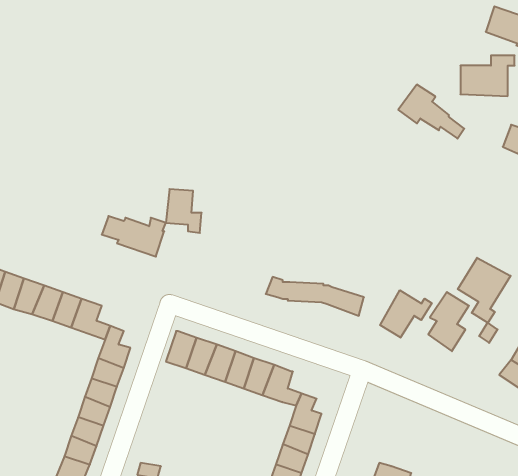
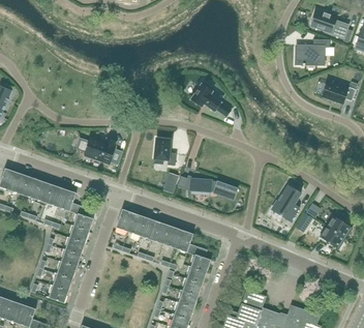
building: [398,85,464,139] -> [189,83,230,116]
building: [166,189,202,233] -> [154,138,176,165]
building: [458,258,511,323] -> none
building: [380,290,432,338] -> none

